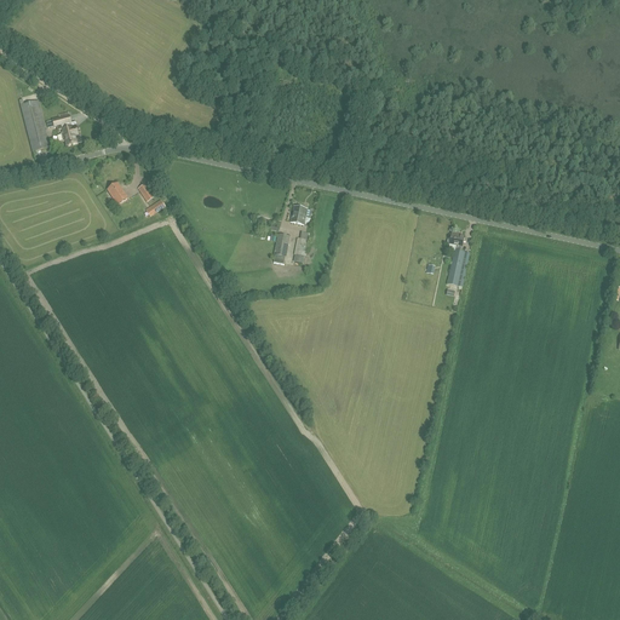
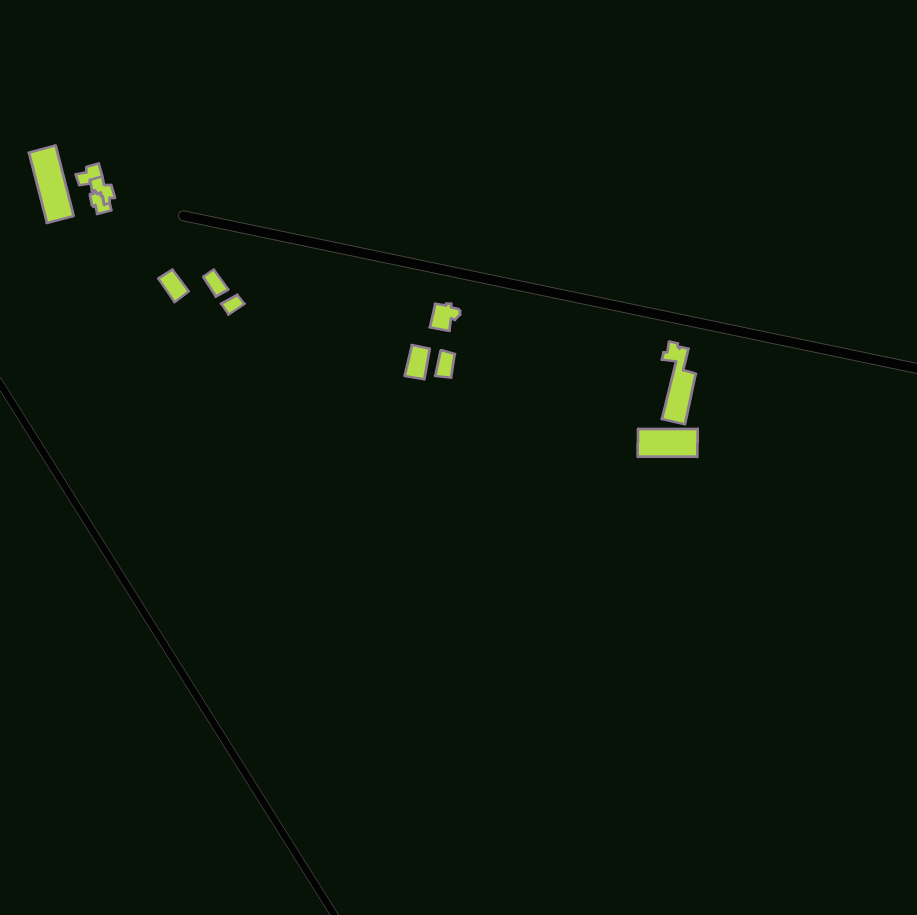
building: none -> [638,429,698,457]

